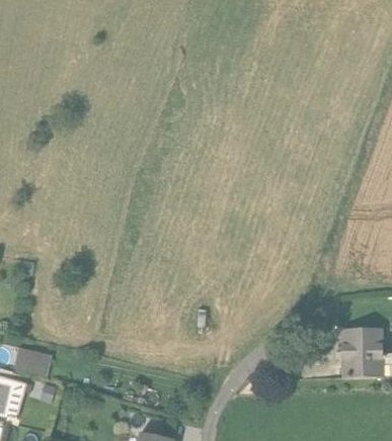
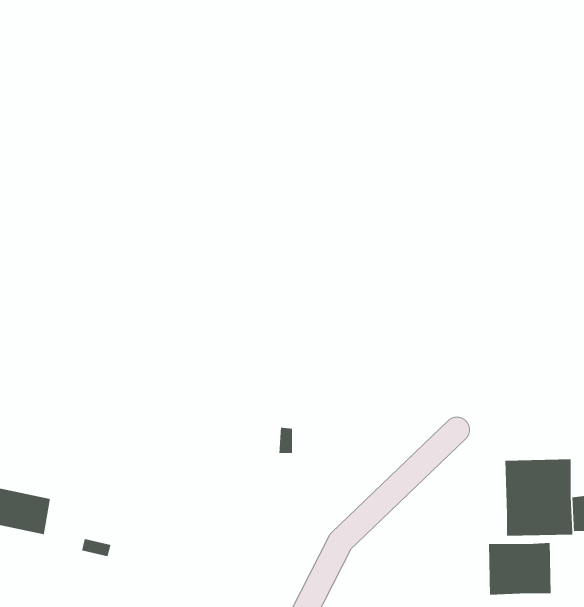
building: none -> [488,542,552,596]

